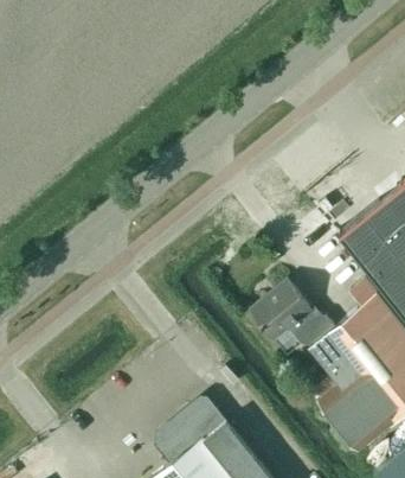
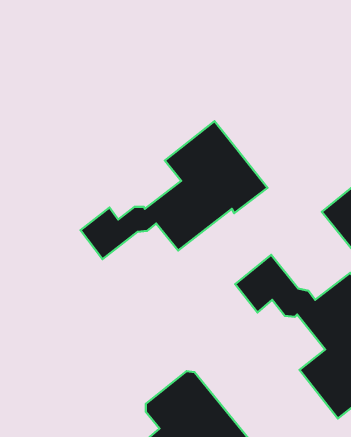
building: none -> [80,121,267,259]

